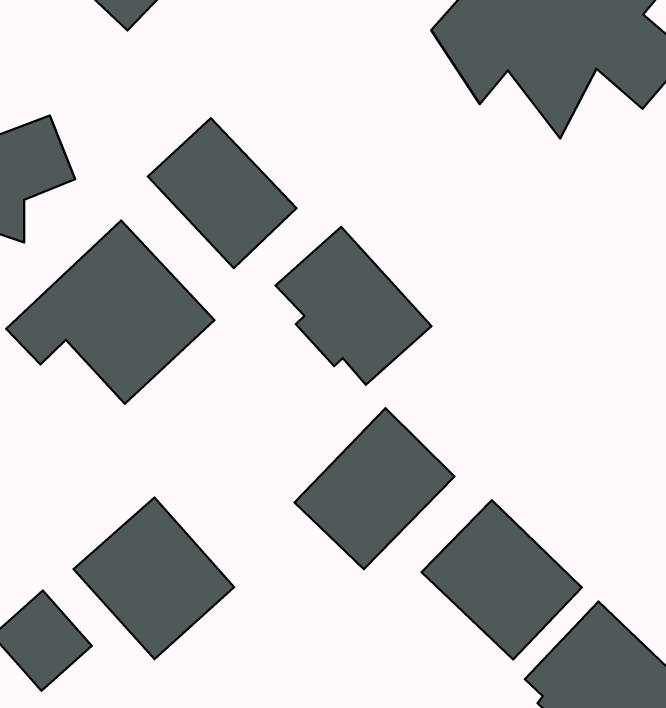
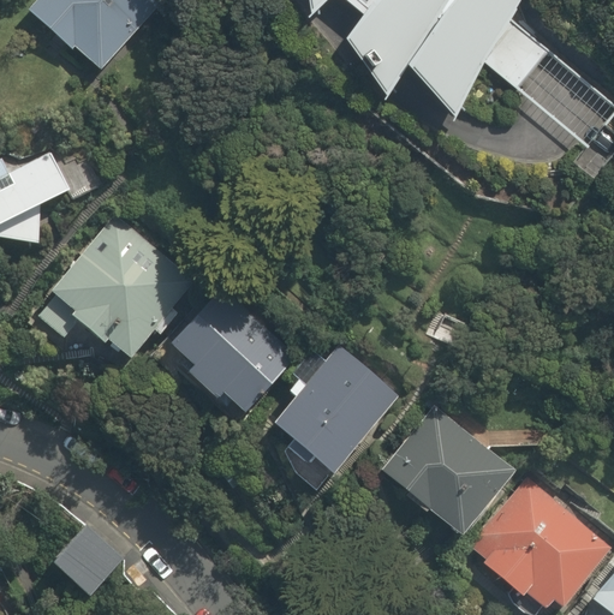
building: [148,118,297,268] -> none
building: [276,227,432,385] -> [168,289,294,412]
building: [74,497,234,659] -> none

